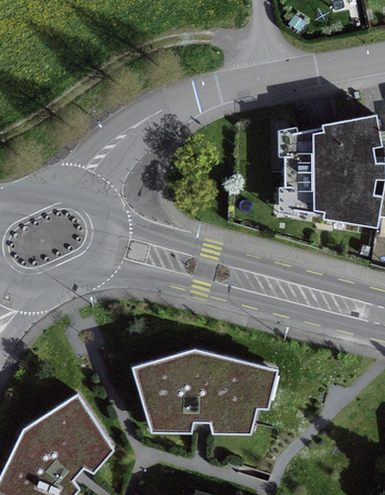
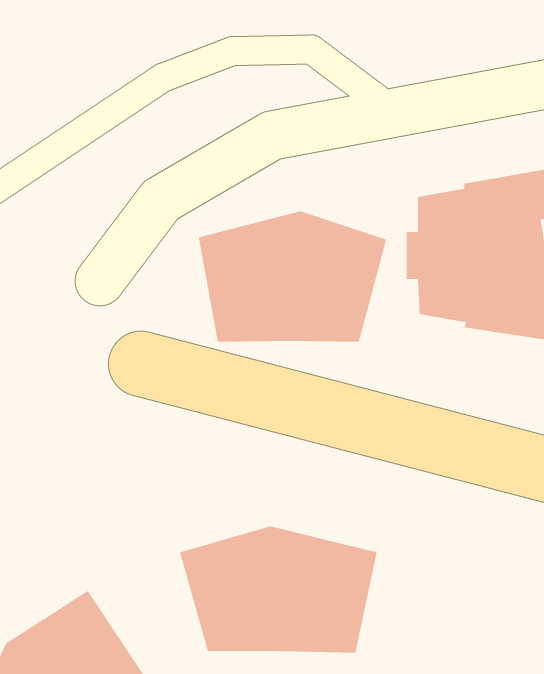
building: none -> [198,211,387,342]

